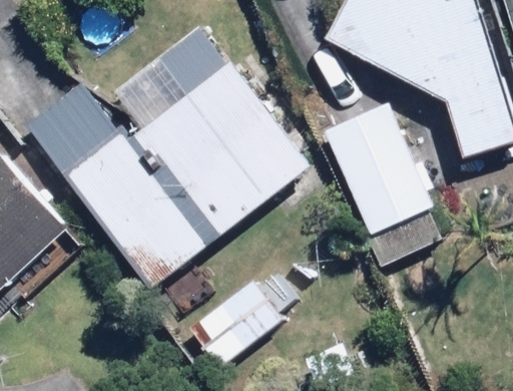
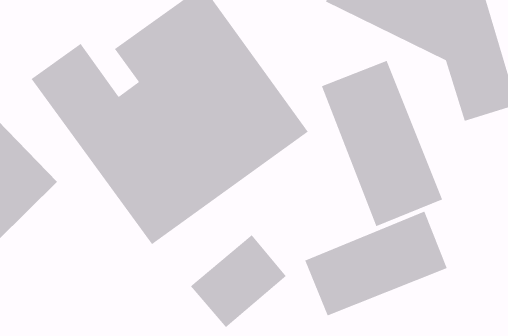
building: none -> [304,211,448,317]

